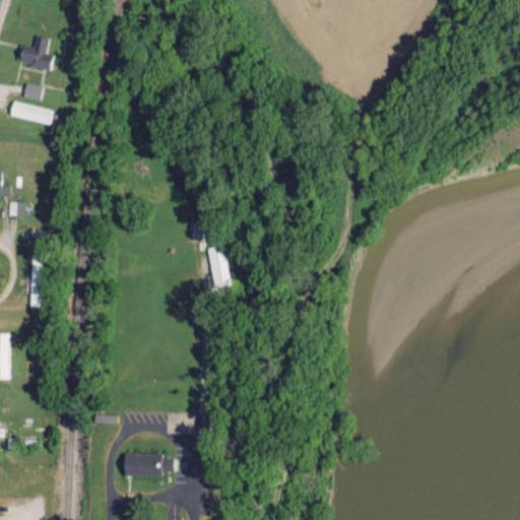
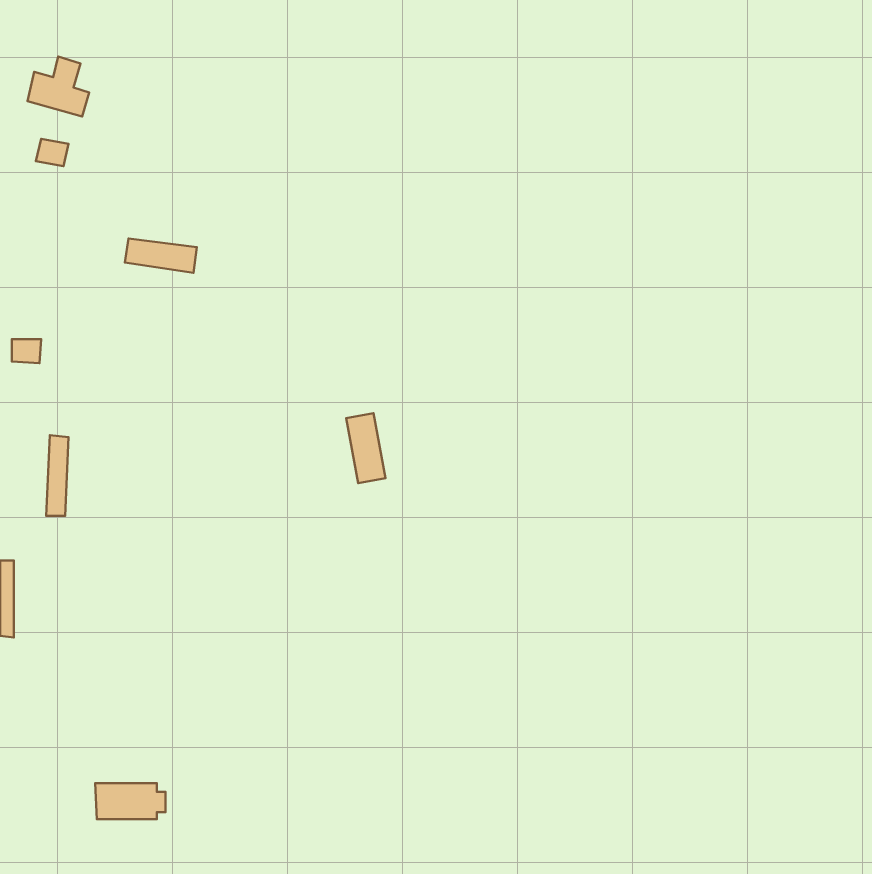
building: [10,103,53,123] -> [125,239,197,273]
building: [131,454,173,475] -> [95,783,165,819]

